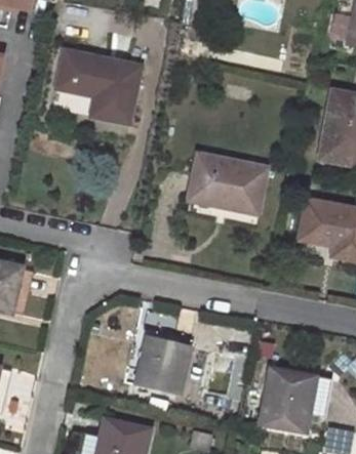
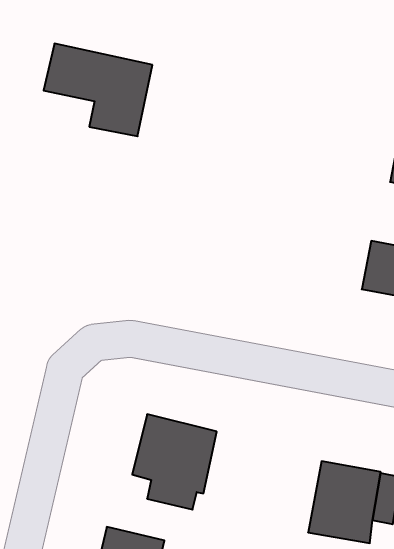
building: [190,154,266,211] -> none

